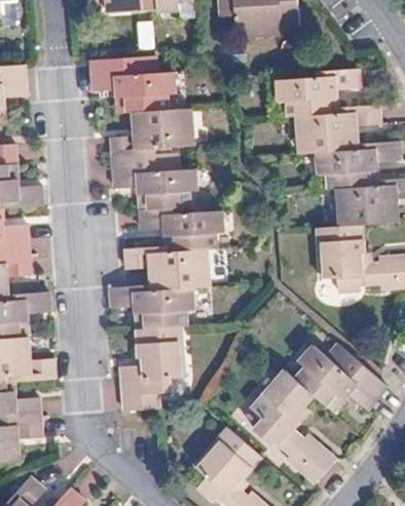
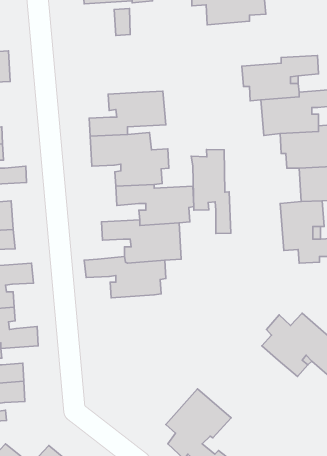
building: [90,56,175,112] -> none
building: none -> [191,149,231,234]
building: [120,325,184,411] -> none
building: [251,369,335,484] -> none

